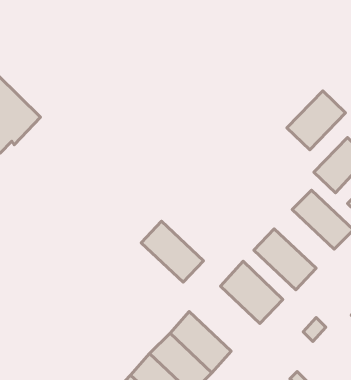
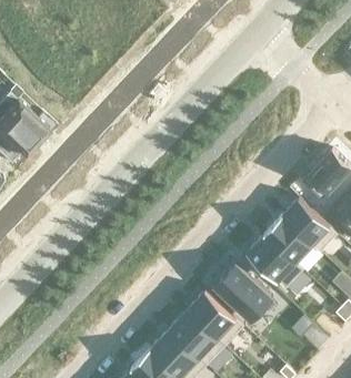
building: [287,91,346,150] -> none
building: none -> [264,216,320,270]
building: [141,221,203,282] -> [185,290,243,347]

